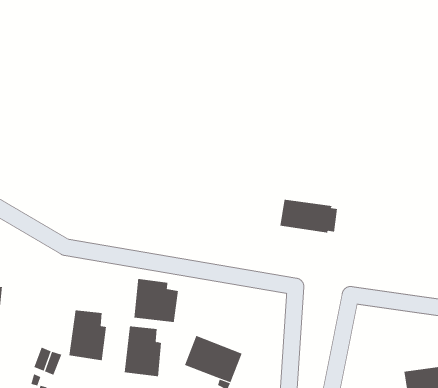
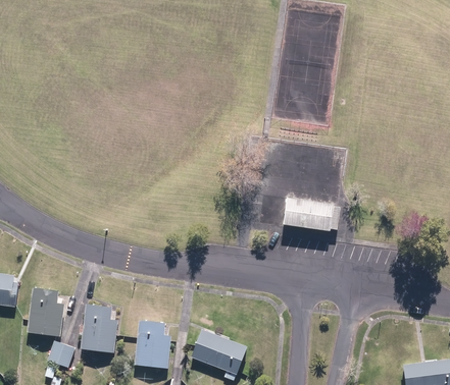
building: [134,278,178,323] -> none
building: none -> [27,287,64,337]

